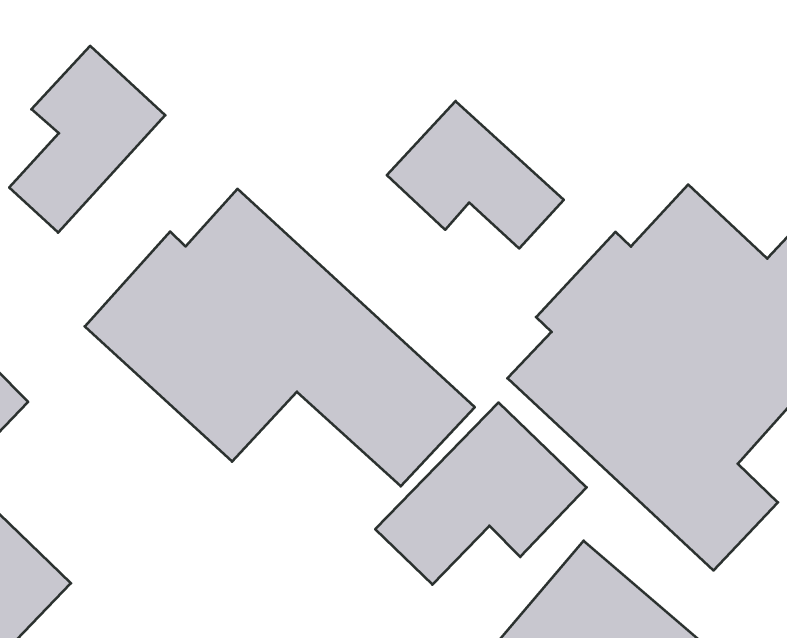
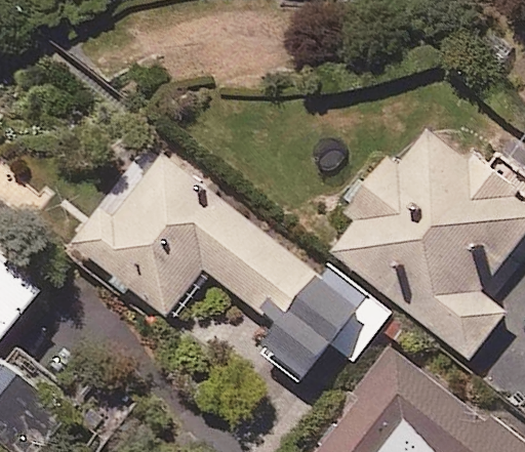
building: [9,46,165,233] -> none
building: [387,101,564,248] -> none

